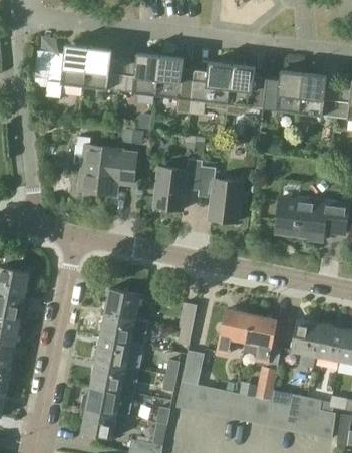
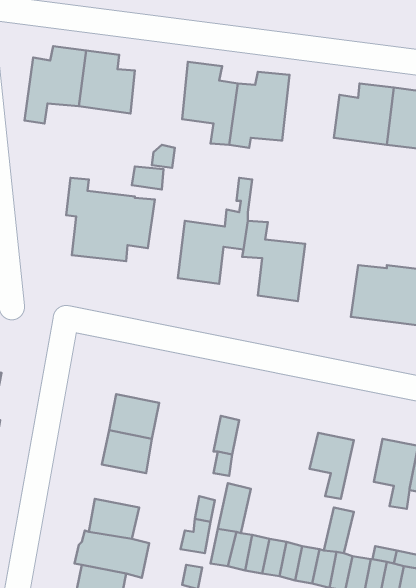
building: [119,53,159,95] -> none
building: [225,64,266,116] -> none
building: [217,309,251,354] -> none
building: [94,337,143,368] -> none

